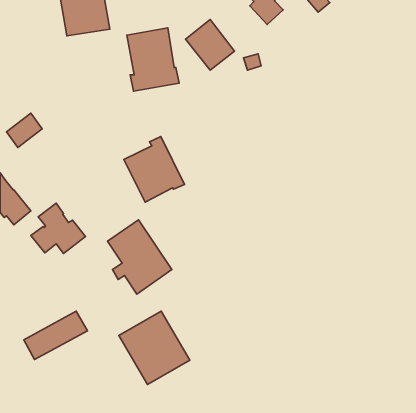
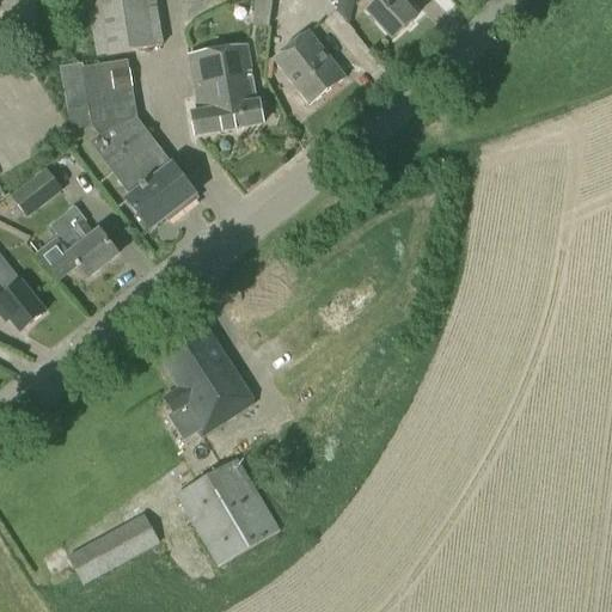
building: none -> [59,57,195,227]
building: [124,137,185,202] -> none
building: [31,203,86,254] -> [38,203,118,277]
building: [24,311,87,359] -> [67,512,160,582]

